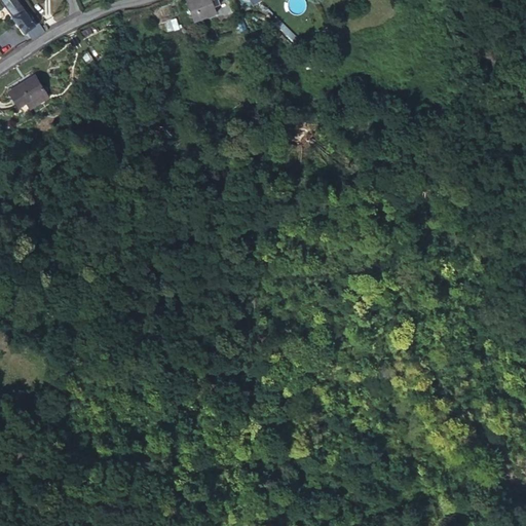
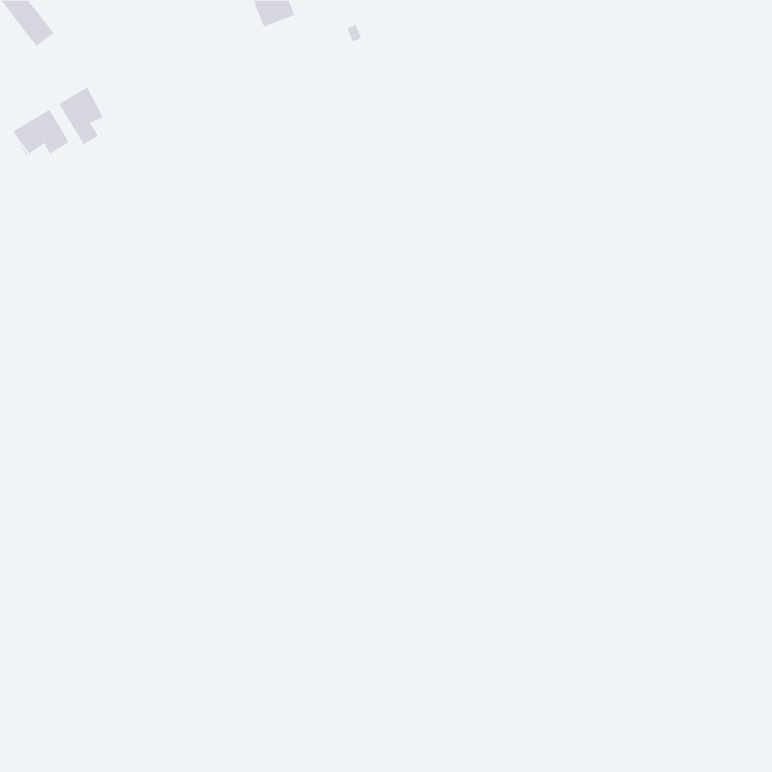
building: none -> [59,86,103,145]

